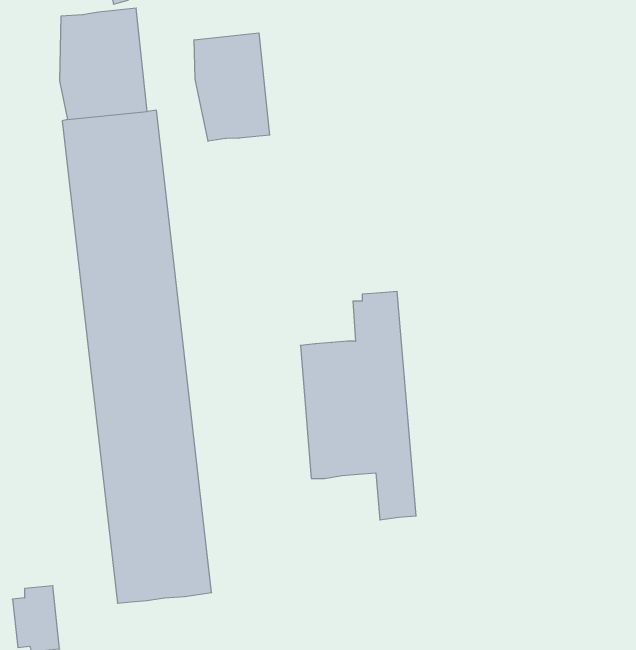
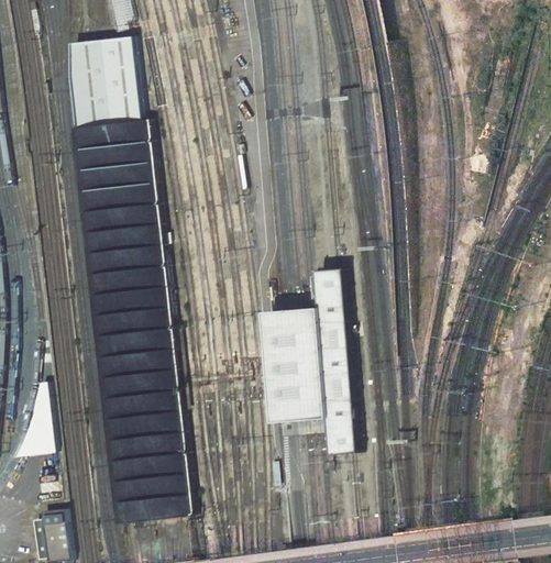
building: [194,33,270,141] -> none

